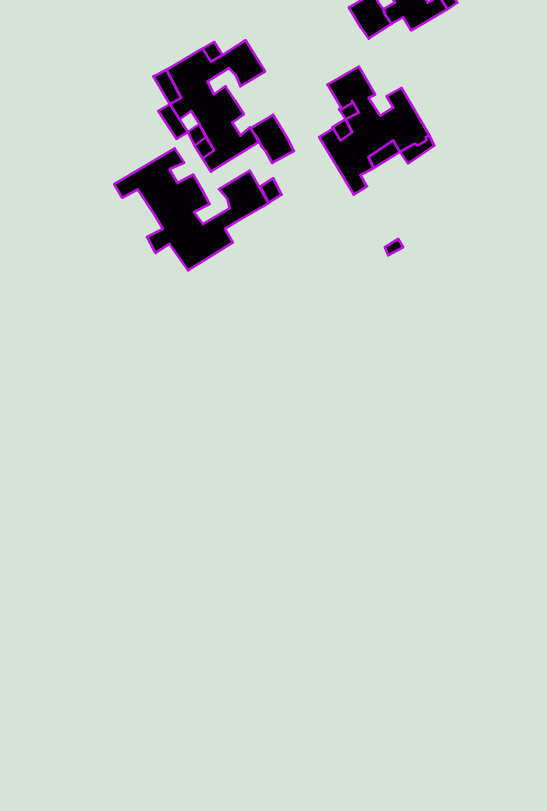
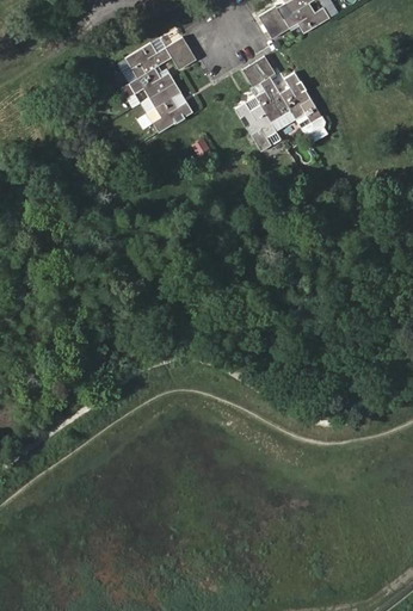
building: [251,115,294,163] -> none
building: [114,148,268,270] -> none

